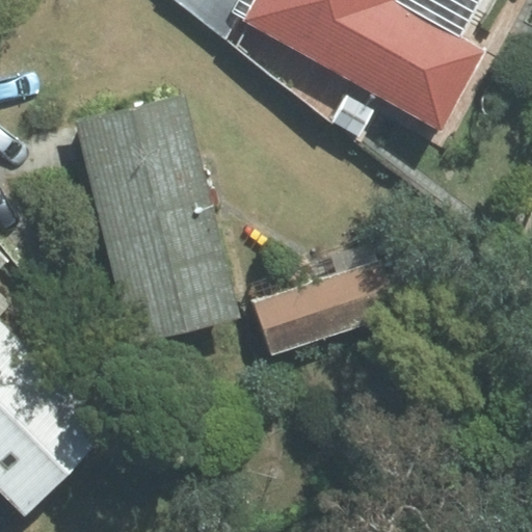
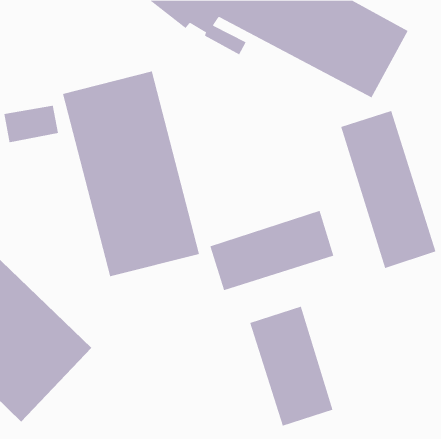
building: none -> [341,110,436,269]
building: none -> [249,306,333,426]

